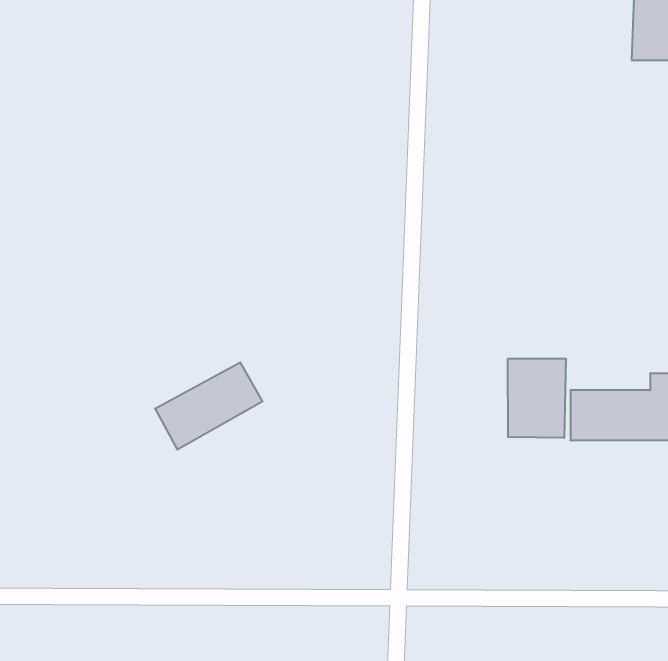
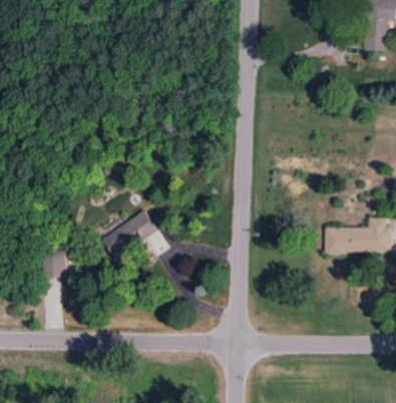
building: [508,359,566,438] -> none
building: none -> [41,247,66,278]

